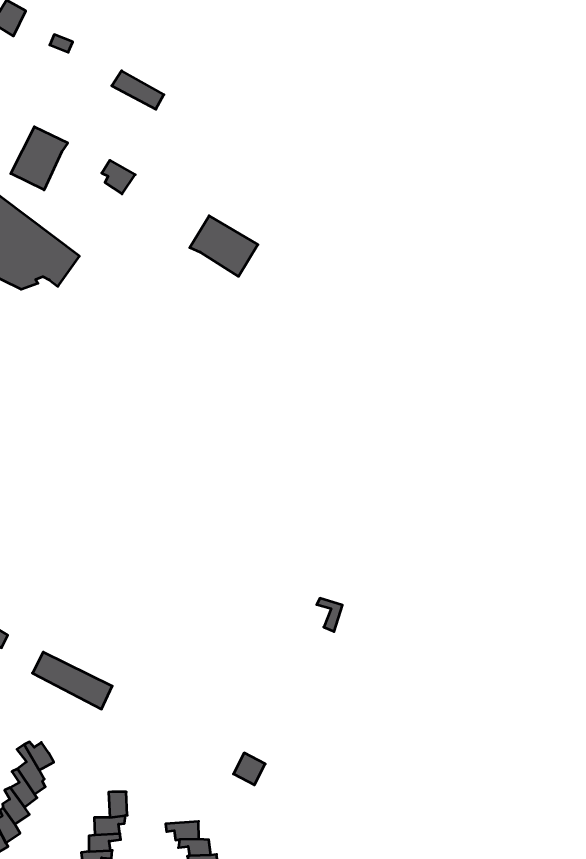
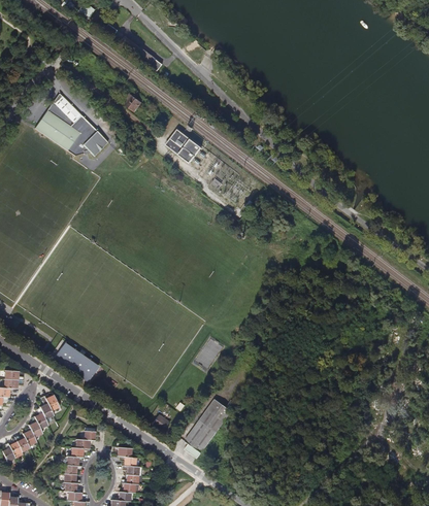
building: [11,127,68,190] -> none
building: none -> [185,389,239,458]

